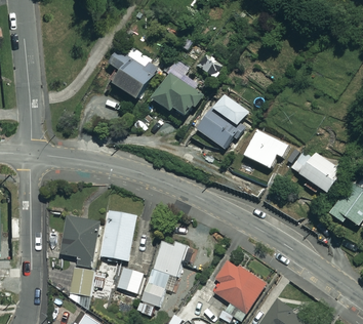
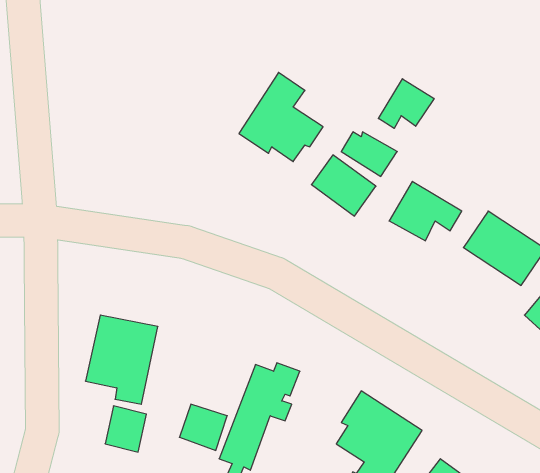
building: [111,50,162,100] -> none
building: none -> [378,79,434,128]
building: [103,213,138,264] -> none

